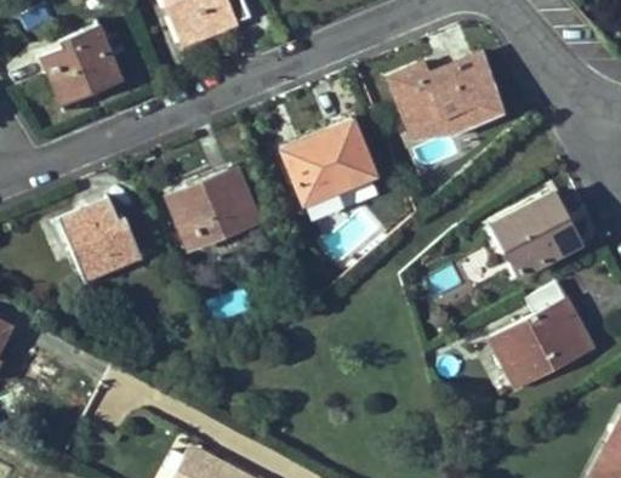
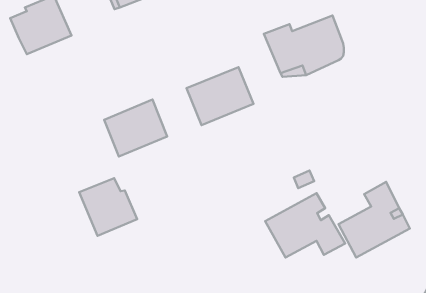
building: [494,192,580,274] -> none
building: [62,199,142,279] -> [79,178,137,236]
building: none -> [265,193,345,258]

